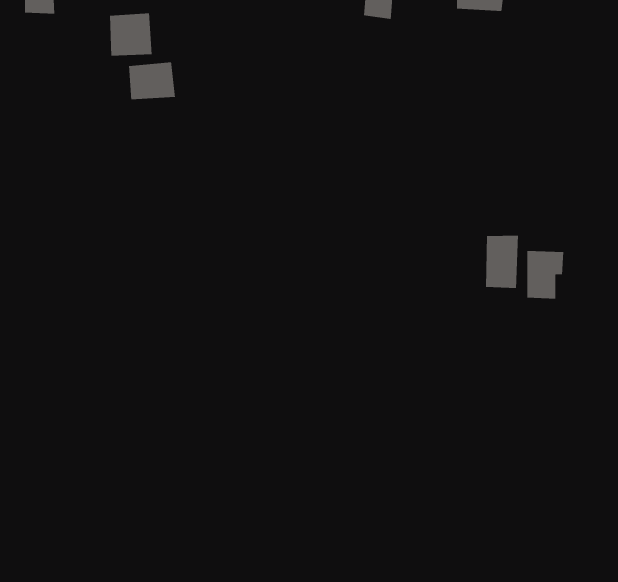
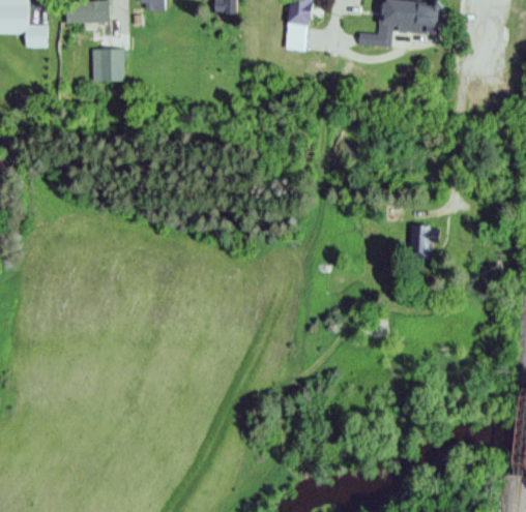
building: [129,62,175,100] -> none
building: [486,235,518,289] -> none

